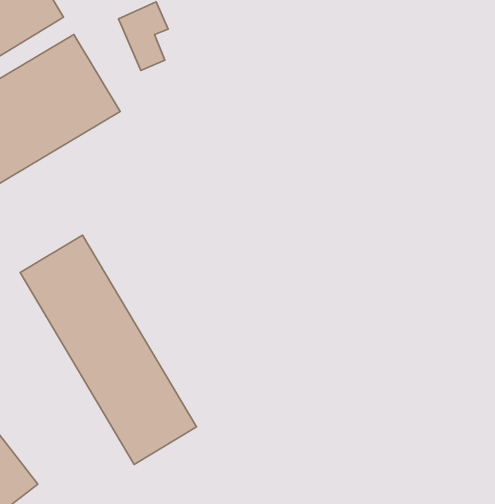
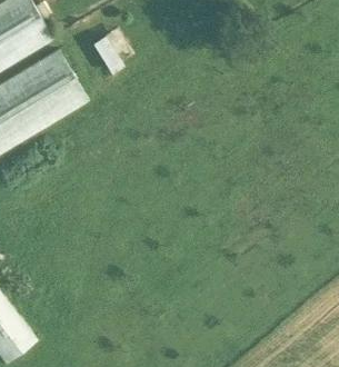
building: [20,235,197,464] -> none

